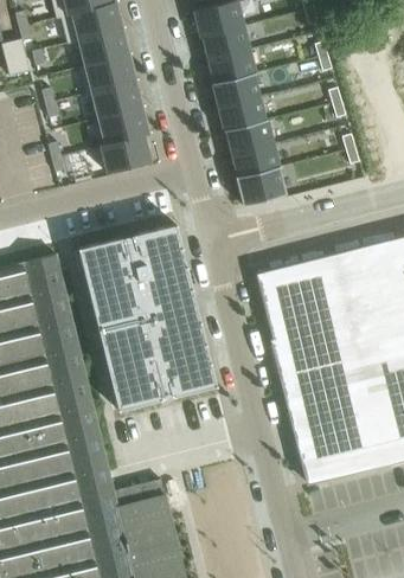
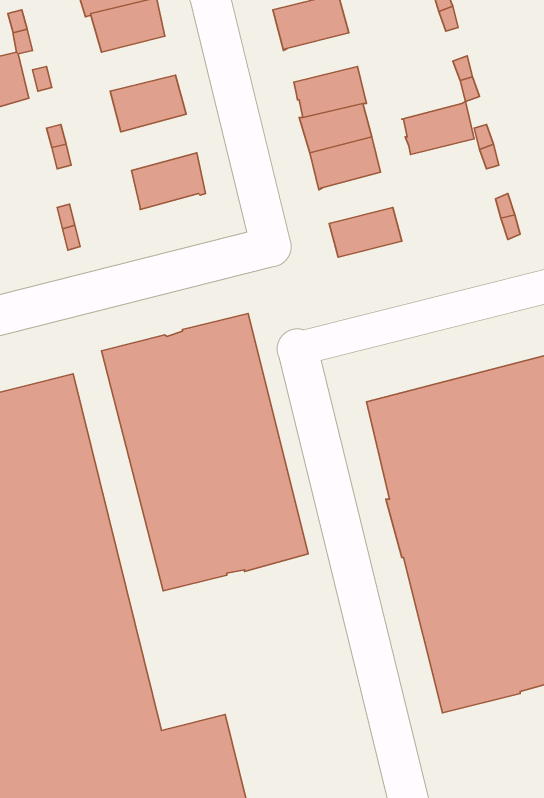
building: [201,27,250,60] -> none
building: [78,30,128,66] -> none
building: [91,82,142,120] -> none
building: [225,120,274,155] -> [402,102,474,155]
building: [100,135,150,174] -> none
building: [235,167,287,206] -> none

